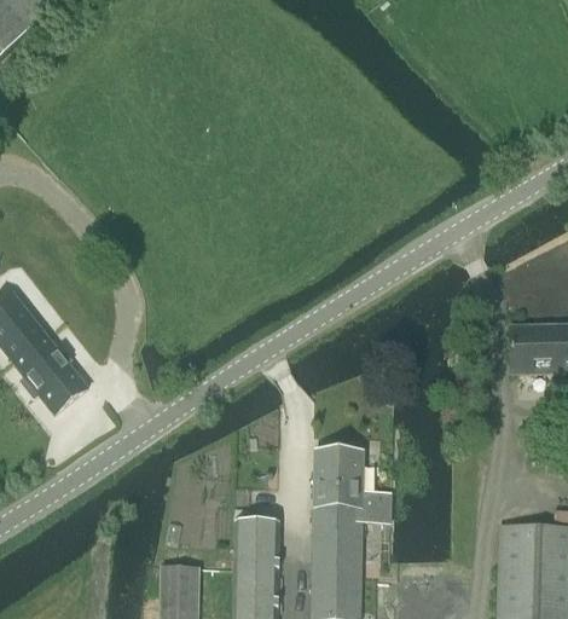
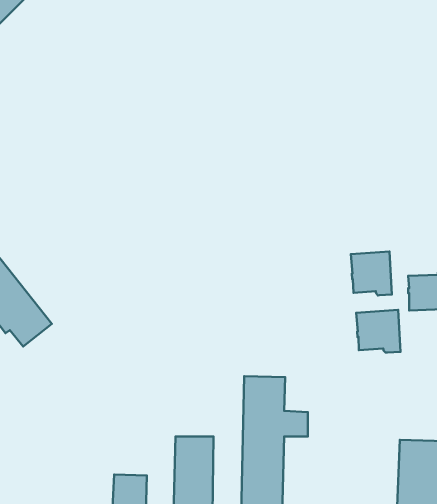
building: none -> [351,251,392,295]
building: none -> [356,310,401,353]

